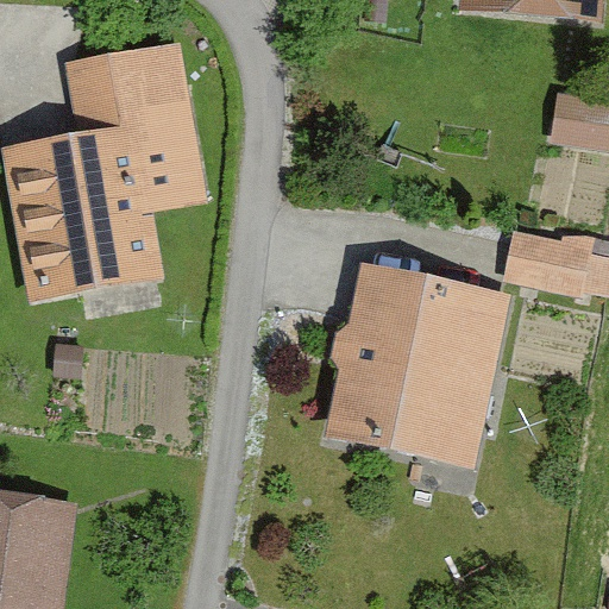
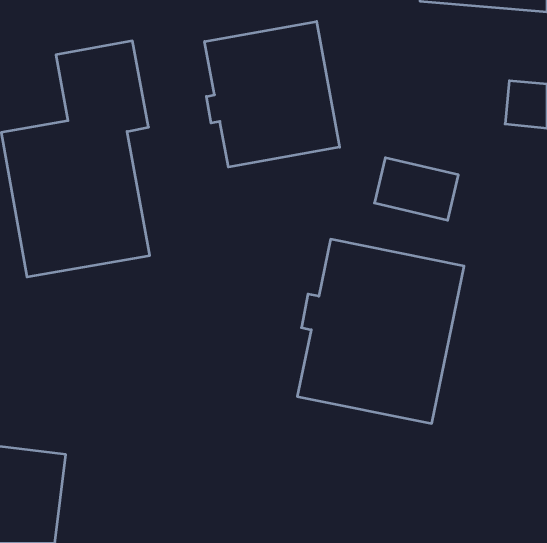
building: none -> [205,21,340,167]
building: [504,228,597,297] -> [374,158,458,220]

